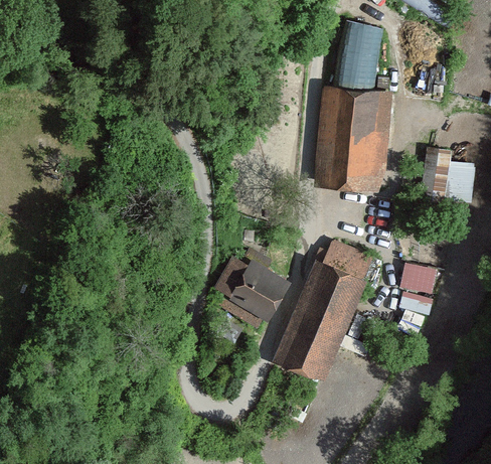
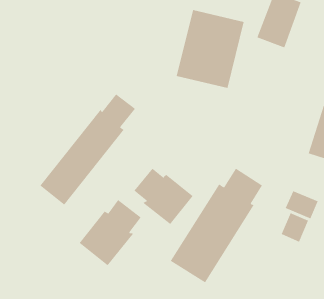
building: [318,90,390,178] -> [176,9,245,89]
building: none -> [39,94,136,206]
building: none -> [79,199,142,266]

